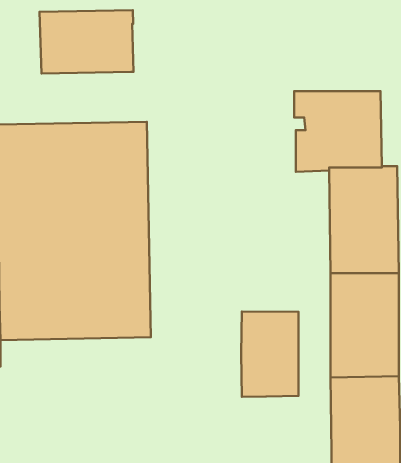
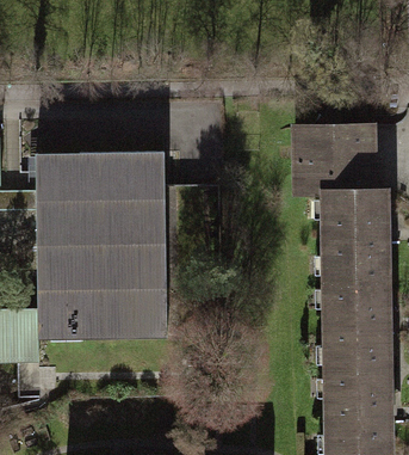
building: [40,10,134,74] -> none
building: [241,311,298,397] -> none

